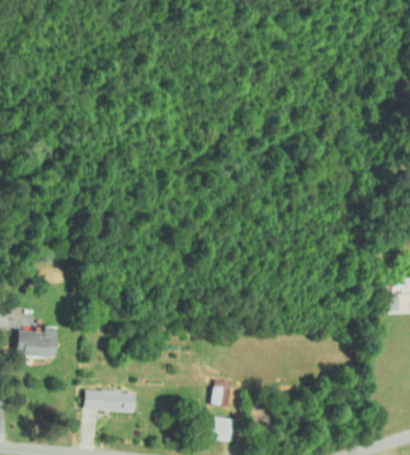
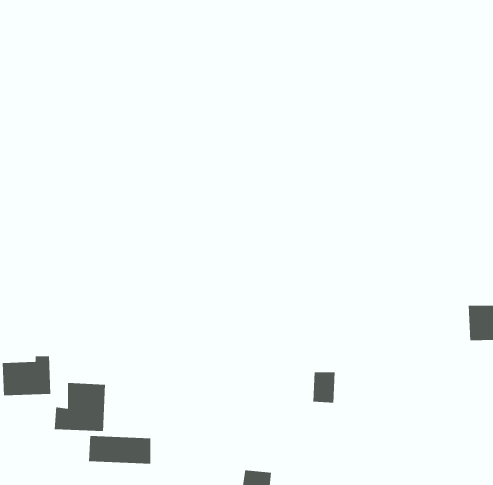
building: none -> [54,382,105,432]
building: [213,380,231,406] -> [312,372,336,403]

